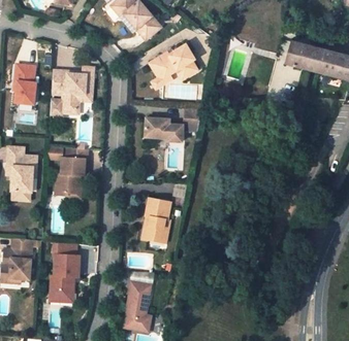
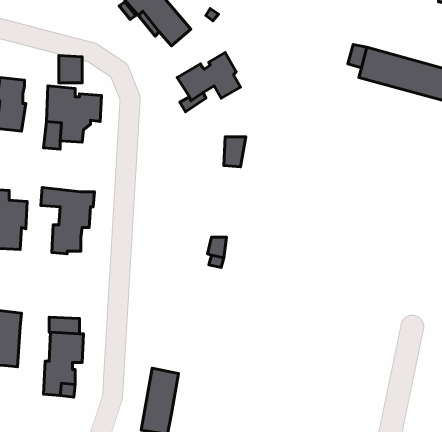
building: [146,120,183,143] -> none
building: [142,198,170,242] -> none

